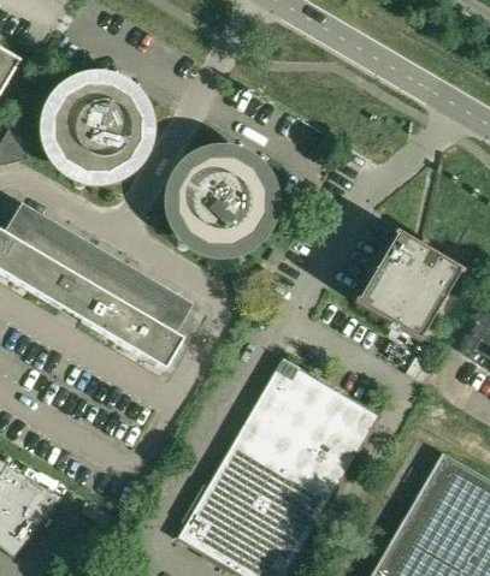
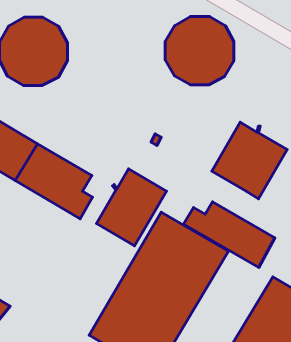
building: [171,152,270,250] -> [165,17,234,85]
building: none -> [97,169,167,246]
building: none -> [184,202,275,268]

